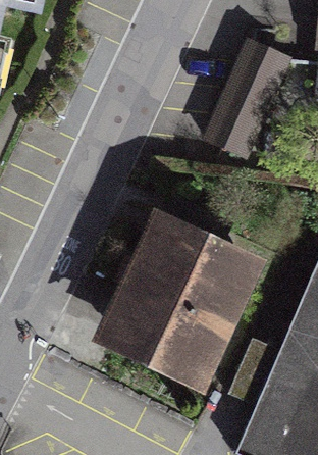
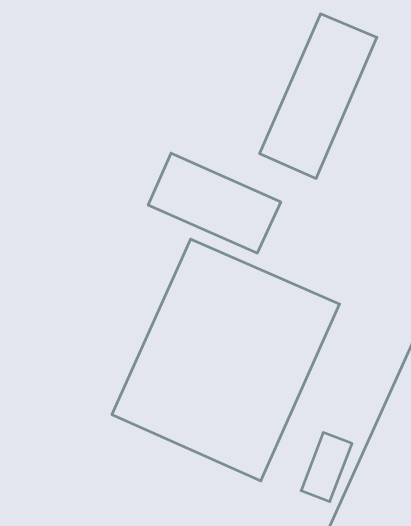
building: none -> [148,153,281,253]

